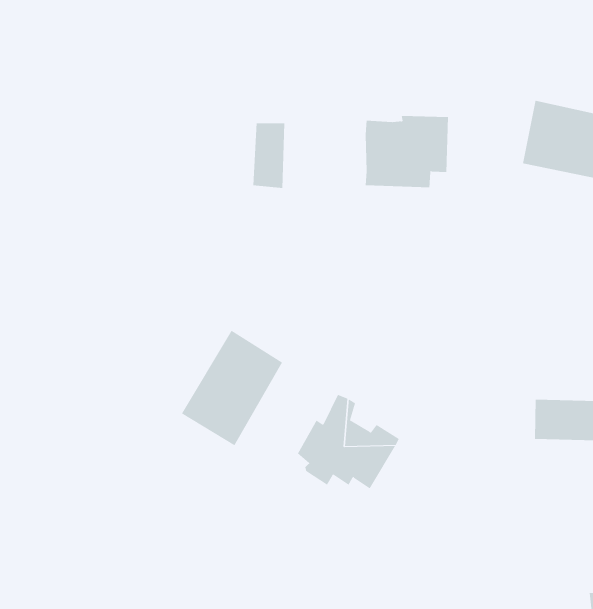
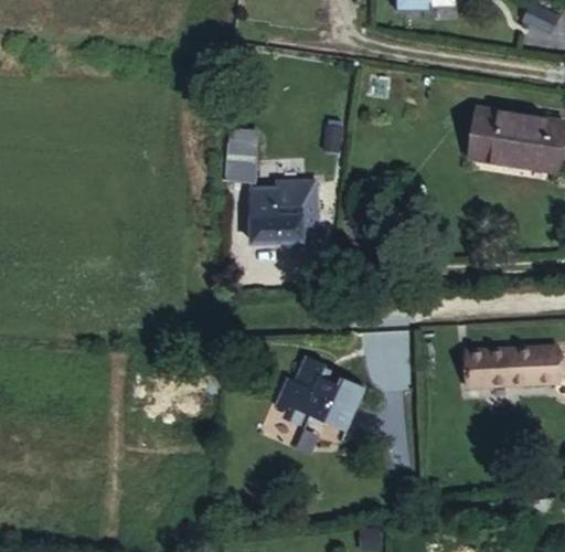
building: [365,115,449,188] -> [254,192,323,253]
building: [181,330,283,446] -> none

